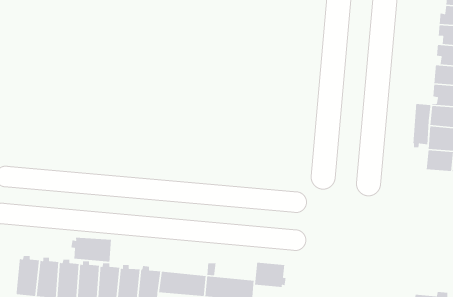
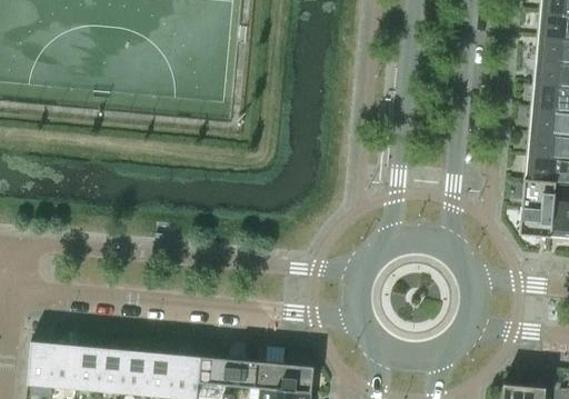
building: [413,103,431,148] -> none
building: [70,237,112,262] -> none
building: [254,262,287,288] -> none

